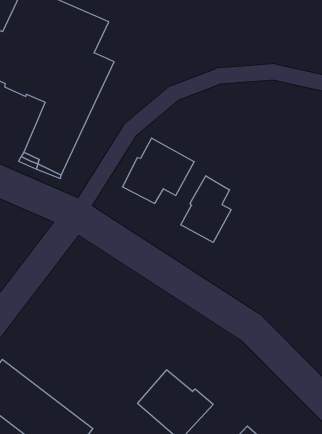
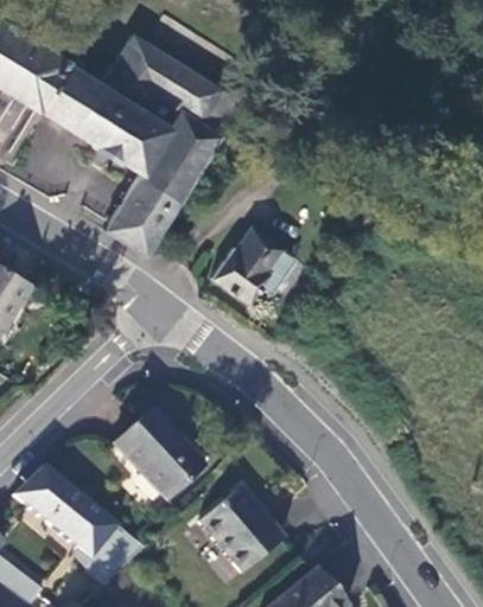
building: [181,176,231,242] -> none
building: none -> [114,410,203,501]

